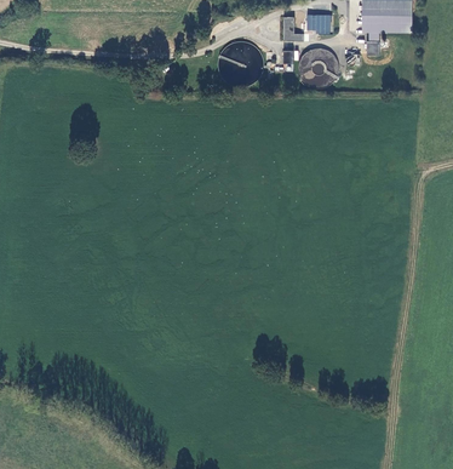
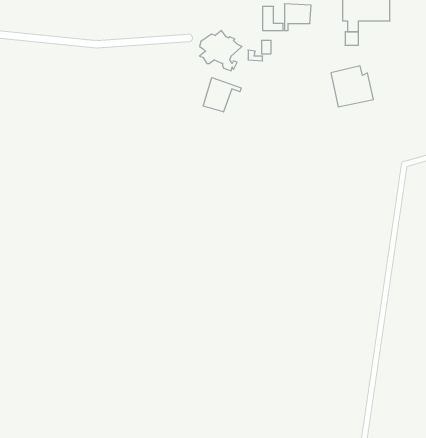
building: [298,45,340,86] -> [331,66,373,107]
building: none -> [203,78,241,112]

